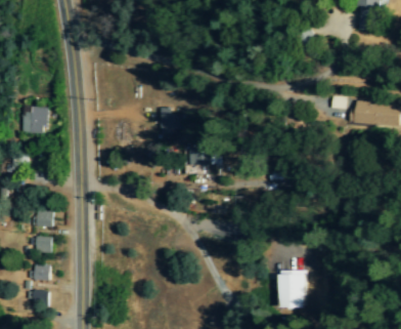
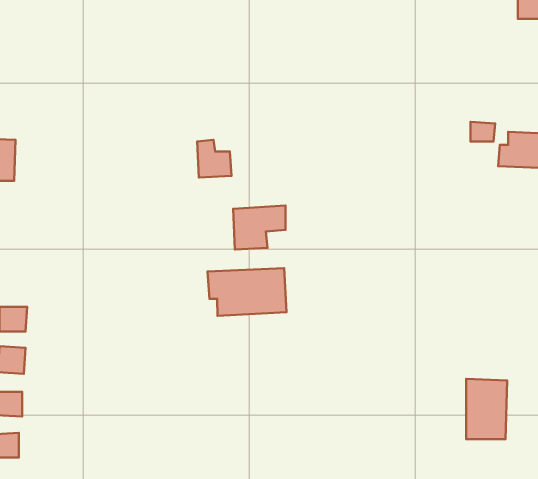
building: none -> [207,268,286,316]
building: [279,270,305,307] -> [466,379,507,439]

